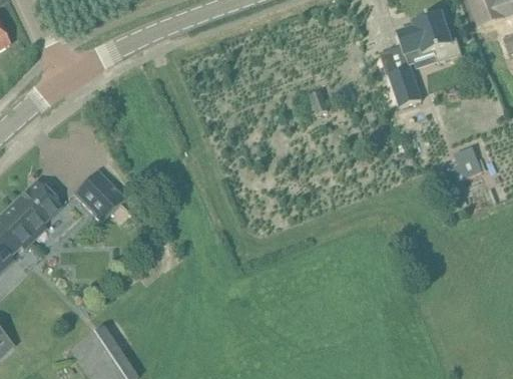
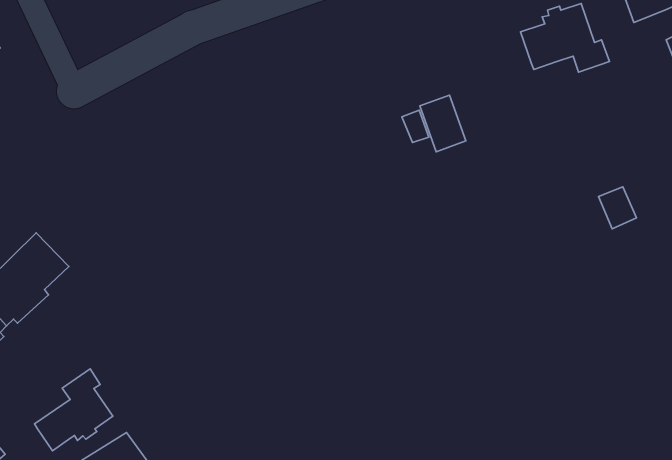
building: [389,64,423,106] -> [420,95,466,152]
building: [71,169,122,221] -> none
building: none -> [35,369,113,451]

